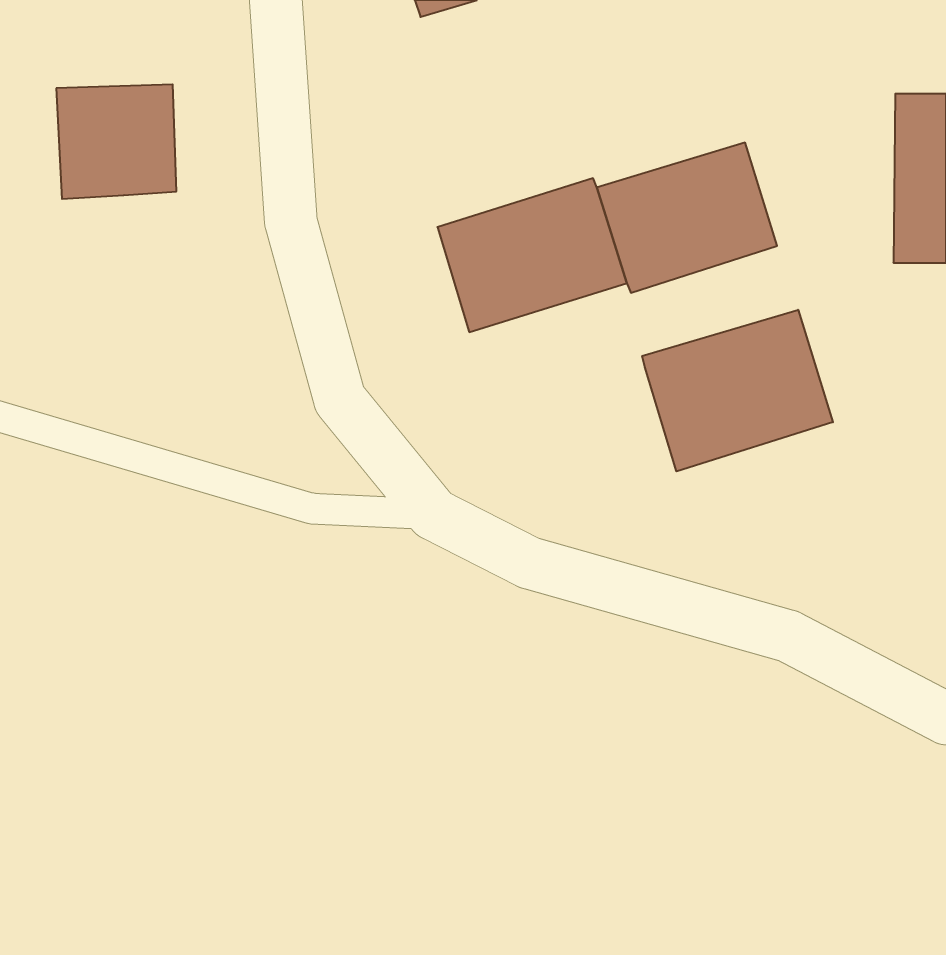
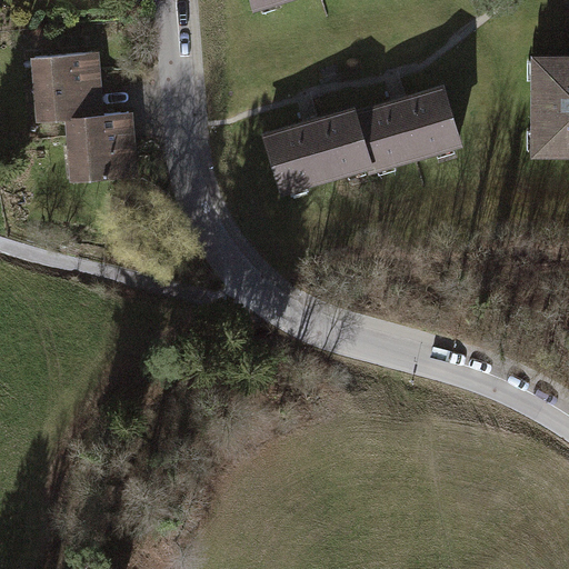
building: none -> [73,114,142,174]
building: [642,310,833,471] -> none

